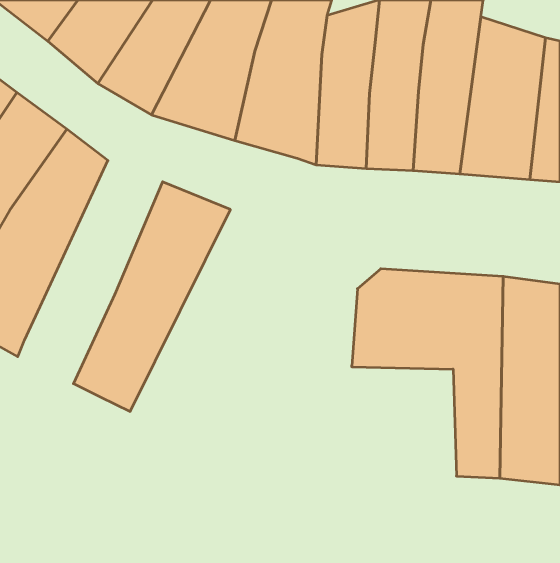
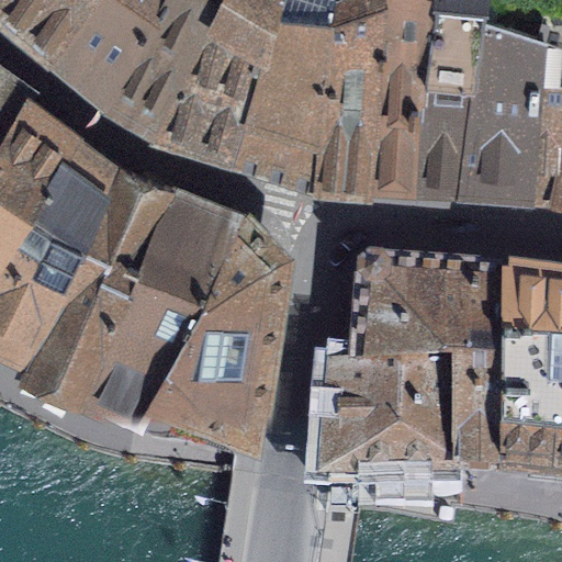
building: none -> [18,165,160,384]
building: none -> [128,213,268,453]
building: none -> [326,367,450,477]

